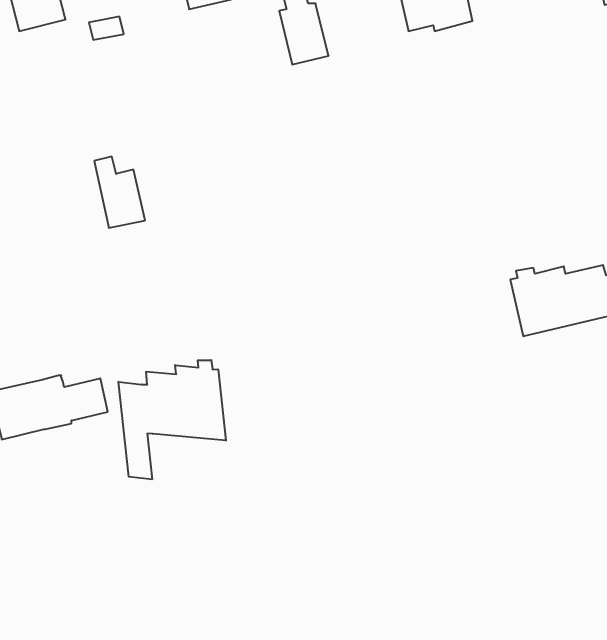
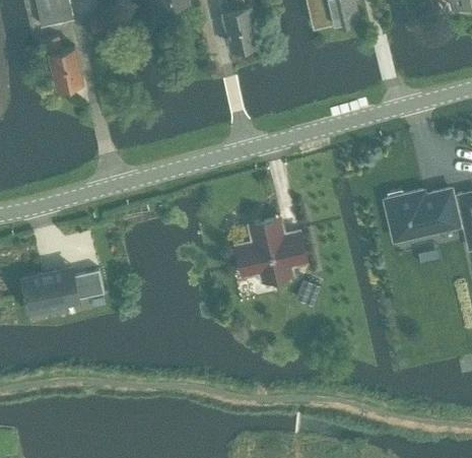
building: [94,157,145,228] -> [47,39,82,88]
building: none -> [234,219,307,282]
building: [118,360,226,479] -> none

